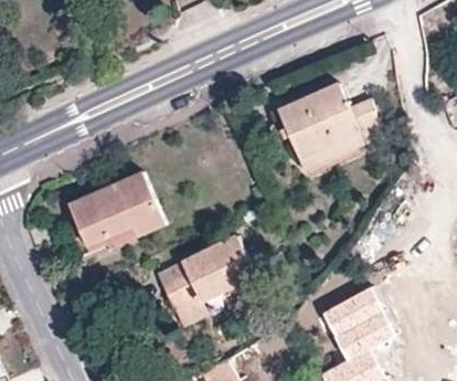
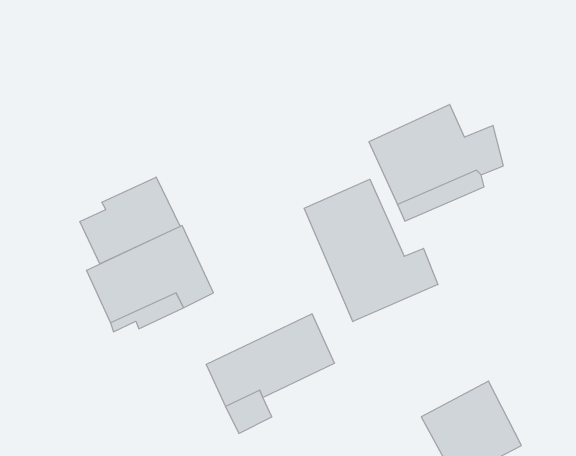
building: none -> [80,177,180,264]
building: none -> [304,179,438,322]

